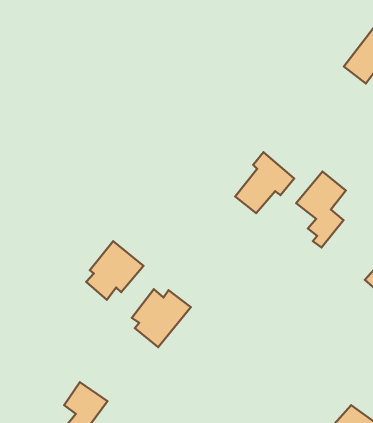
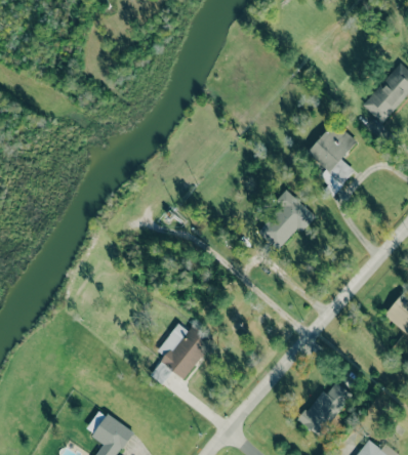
building: [296,171,346,247] -> [308,123,356,197]
building: [86,241,144,300] -> none
building: none -> [296,383,349,440]

